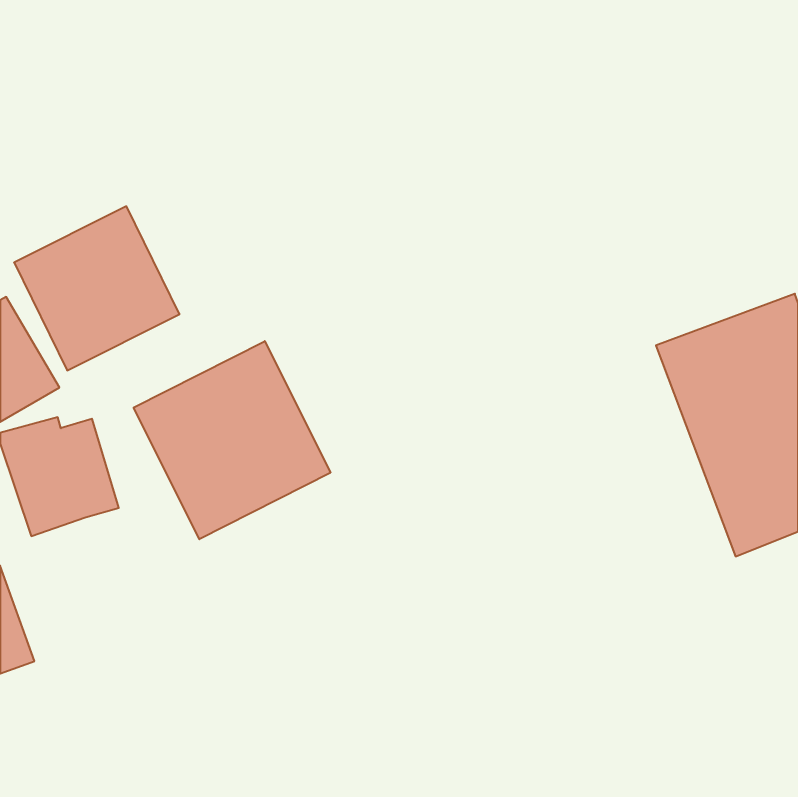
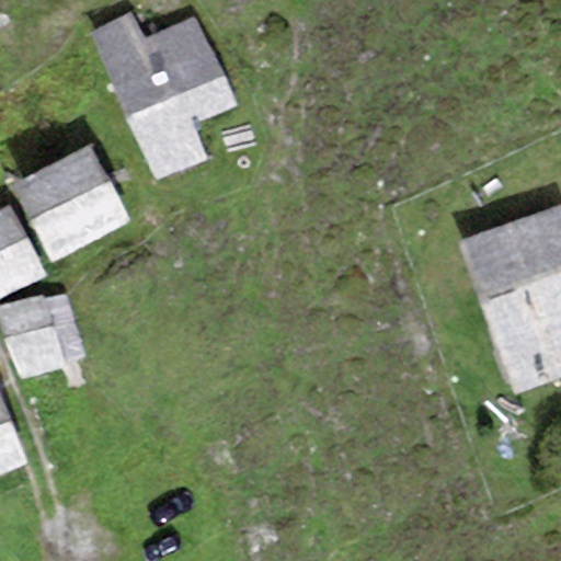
building: none -> [92,14,237,181]
building: [134,341,330,539] -> none

